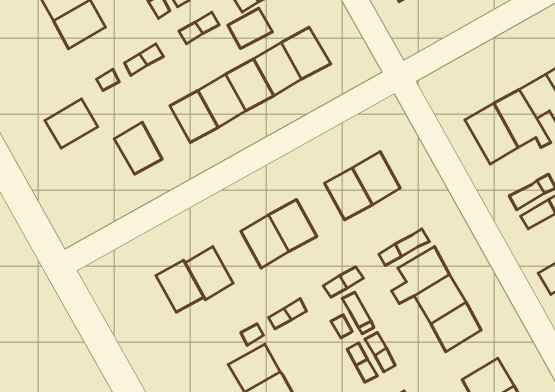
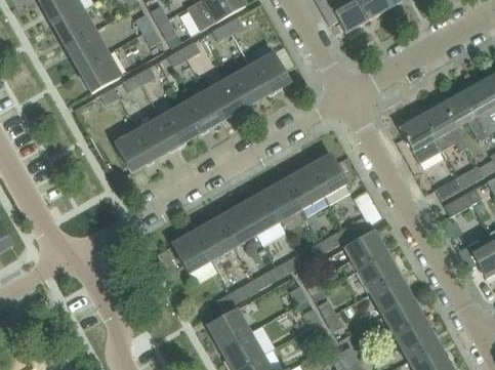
building: [228,8,273,48] -> none
building: [45,99,98,148] -> [78,52,121,92]
building: none -> [137,116,176,159]
building: none -> [262,178,301,221]
building: [156,260,204,312] -> [195,217,234,259]
building: none -> [383,297,425,337]

